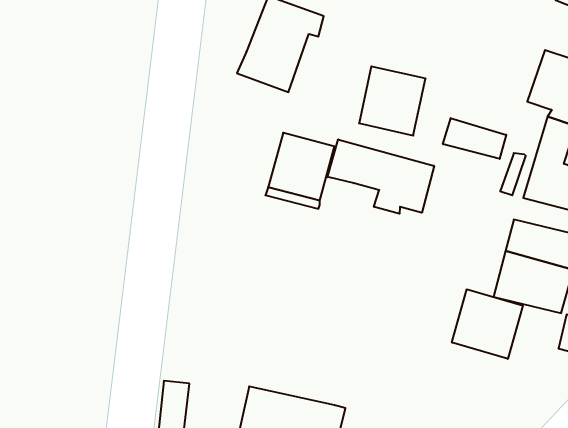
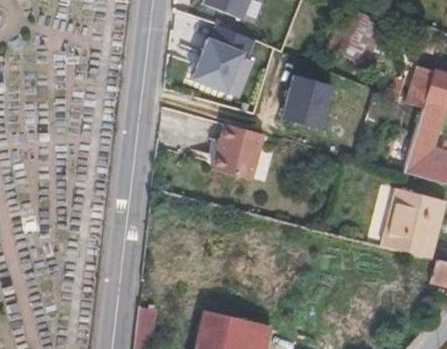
building: [443,118,506,159] -> none
building: [328,139,434,214] -> none
building: [452,289,523,359] -> none

